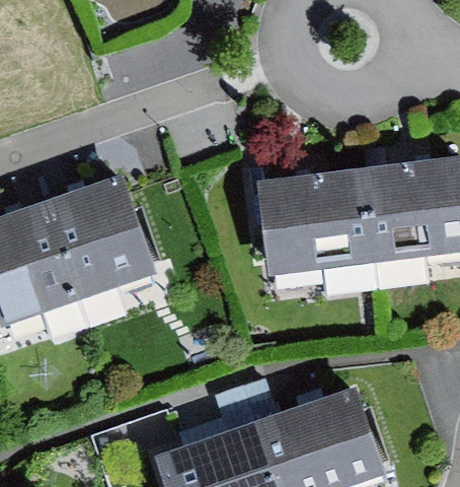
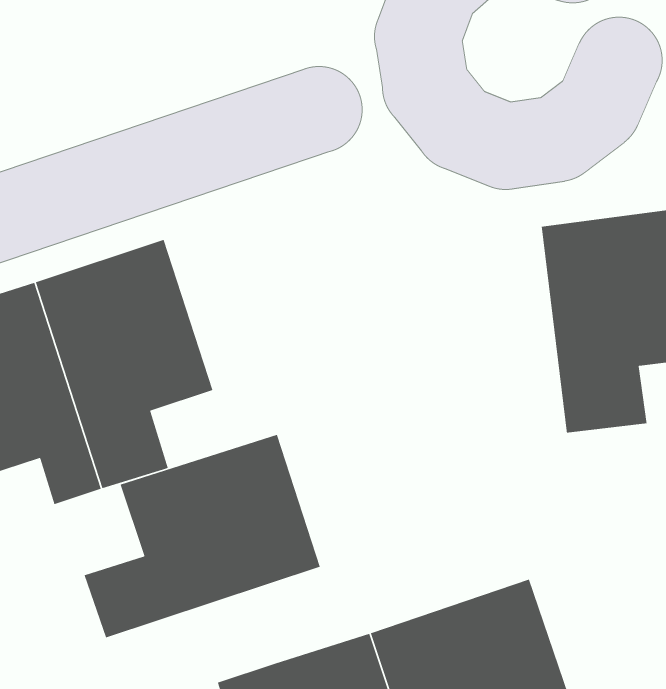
building: [255,166,377,305] -> none
building: none -> [83,434,321,638]

